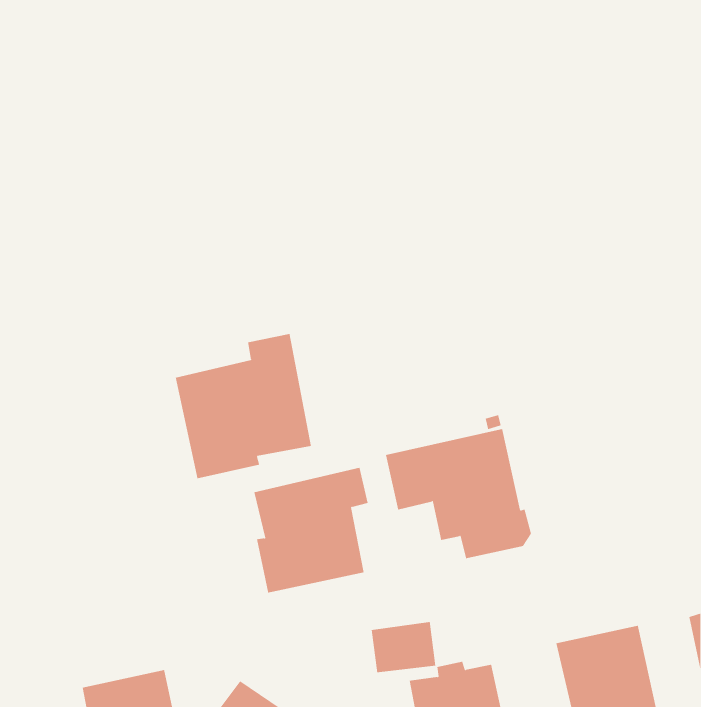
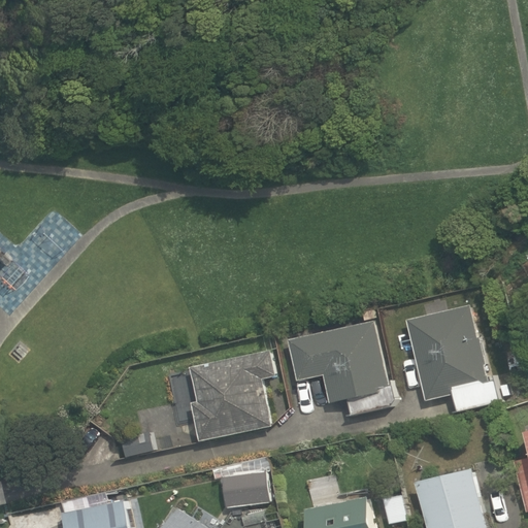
building: [175,333,312,479] -> none
building: none -> [405,304,498,412]
building: [371,622,436,673] -> [221,469,269,507]

